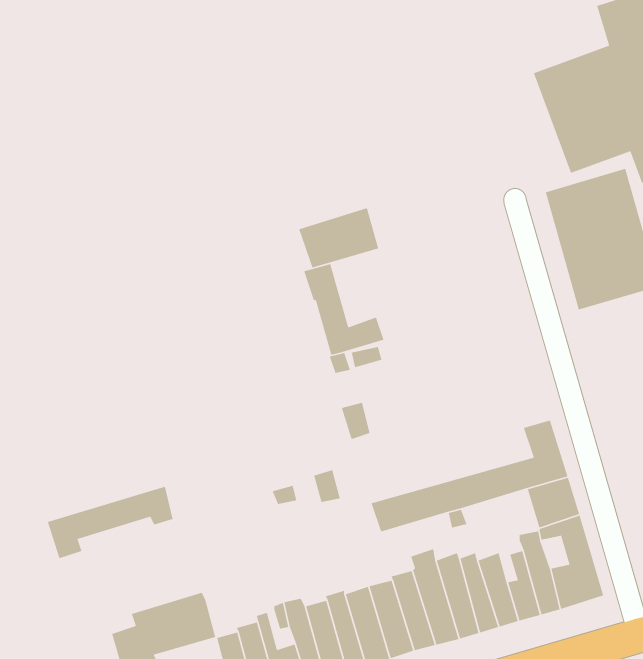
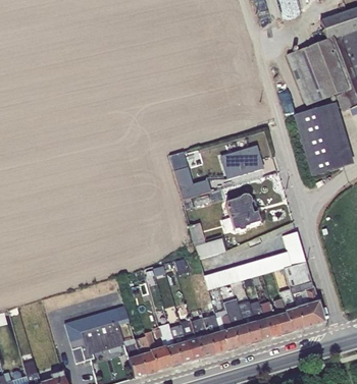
building: [298,207,379,268] -> [220,147,262,178]
building: none -> [222,195,260,230]
building: none -> [195,236,225,258]
building: [47,486,174,559] -> [64,304,130,341]

